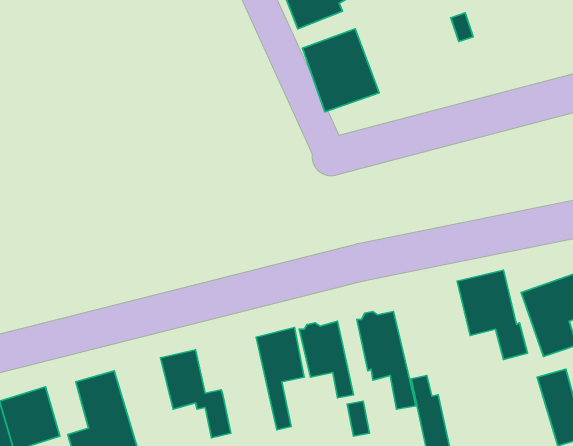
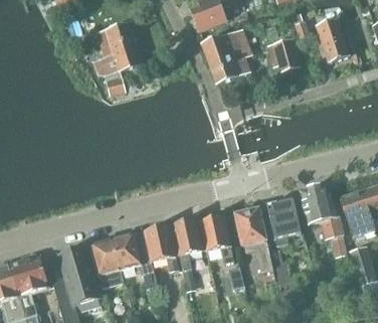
building: none -> [316,17,349,62]
building: none -> [93,21,142,95]
building: none -> [272,37,300,71]
building: none -> [266,198,301,243]
building: none -> [144,224,178,271]
building: none -> [89,237,120,287]

